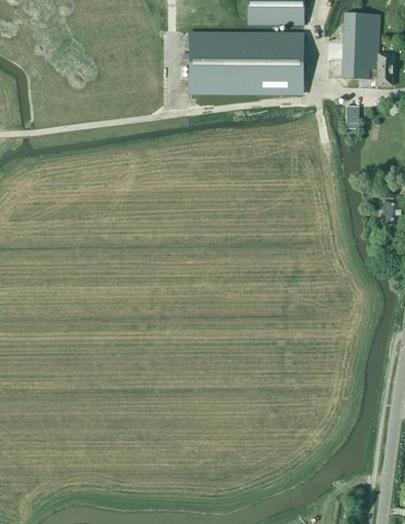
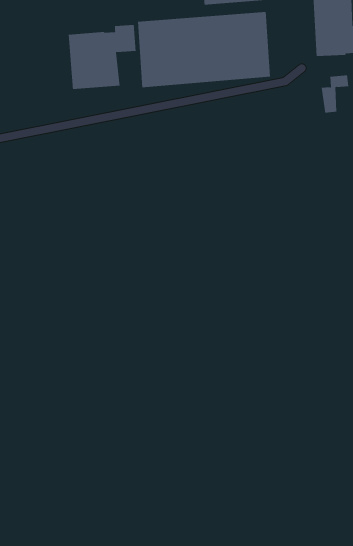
building: none -> [68,24,136,90]

